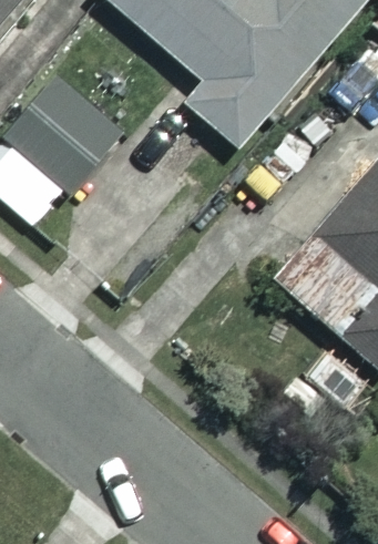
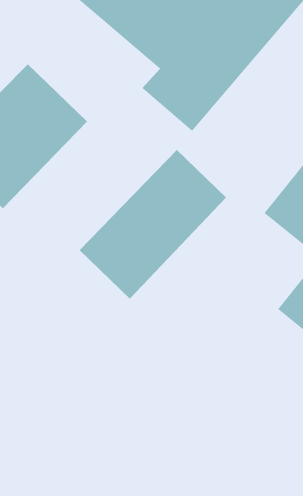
building: none -> [79,149,227,299]

